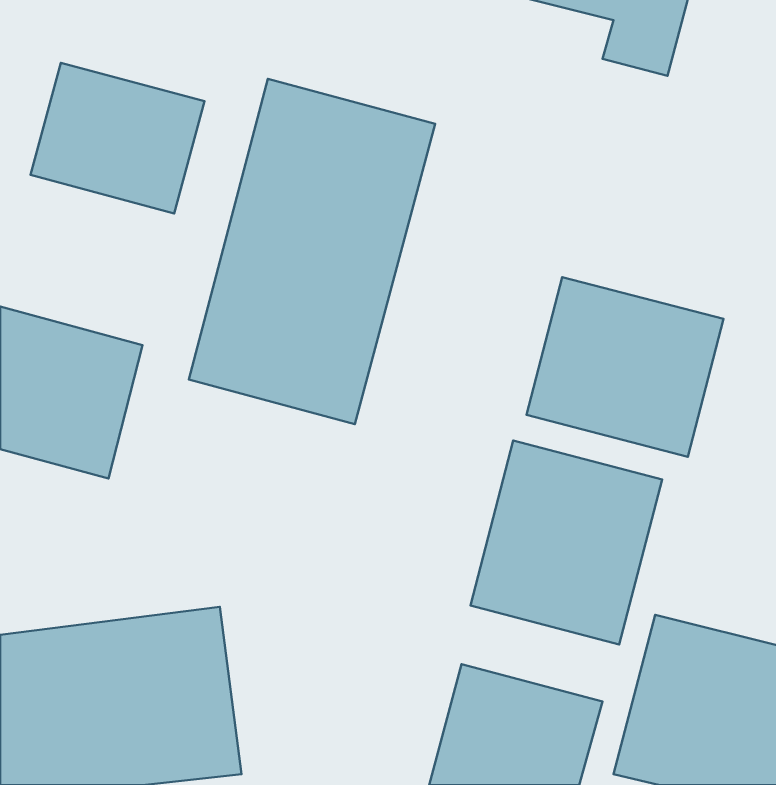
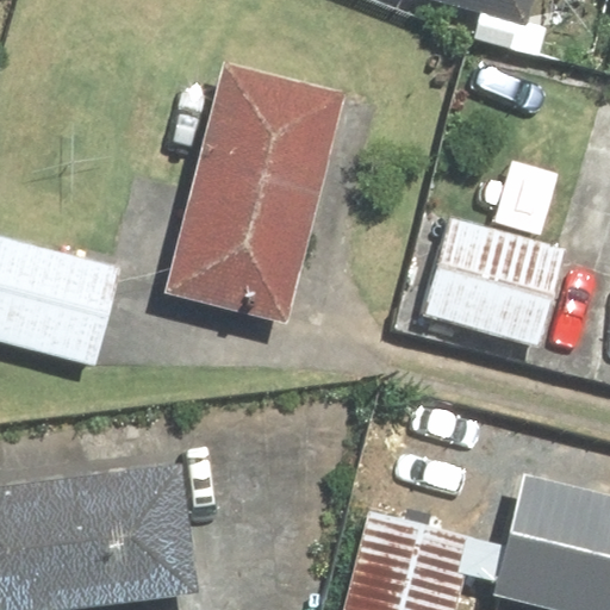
building: [31,63,204,213] -> none
building: [470,441,662,644] -> none

